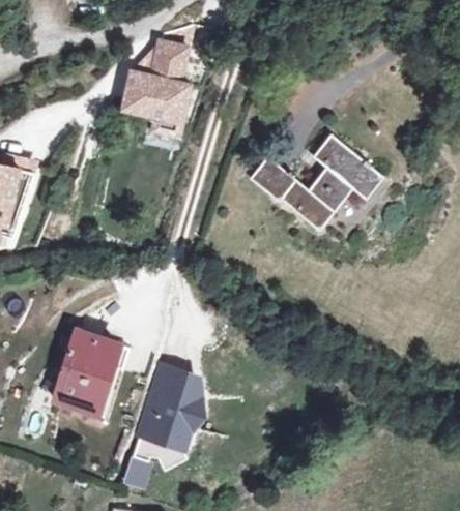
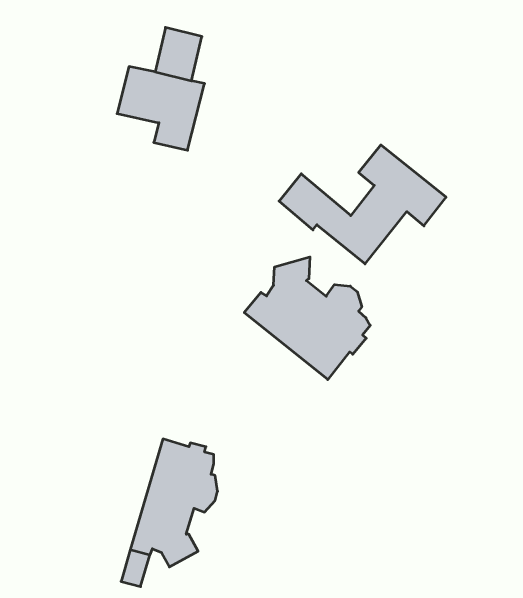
building: none -> [244,257,370,380]
building: [53,330,118,413] -> none

